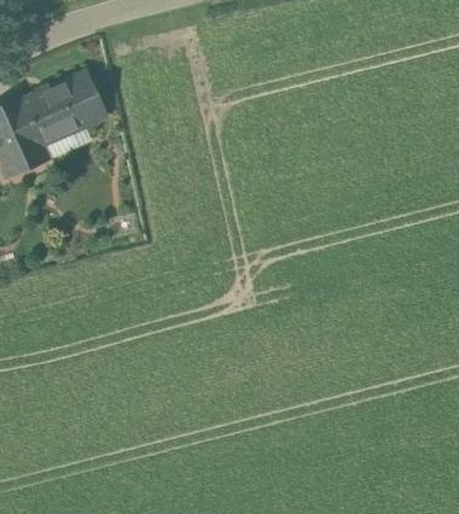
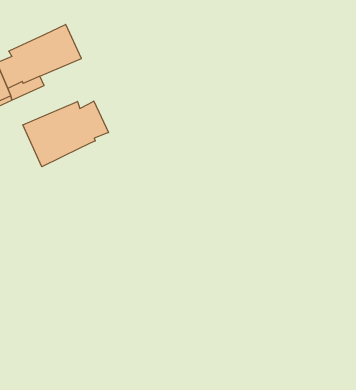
building: none -> [23,101,108,167]

